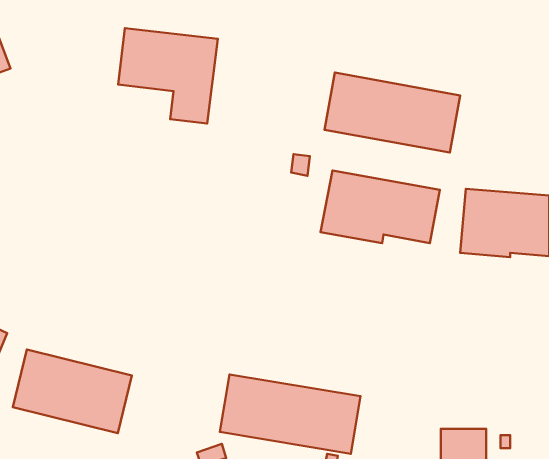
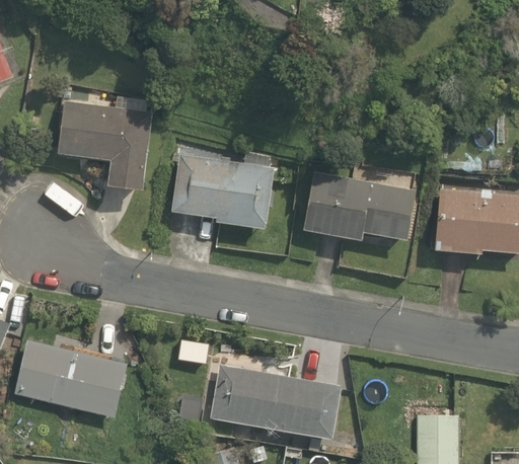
building: [118,28,218,124] -> [59,102,152,191]
building: [324,73,460,153] -> none
building: none -> [170,151,273,228]

